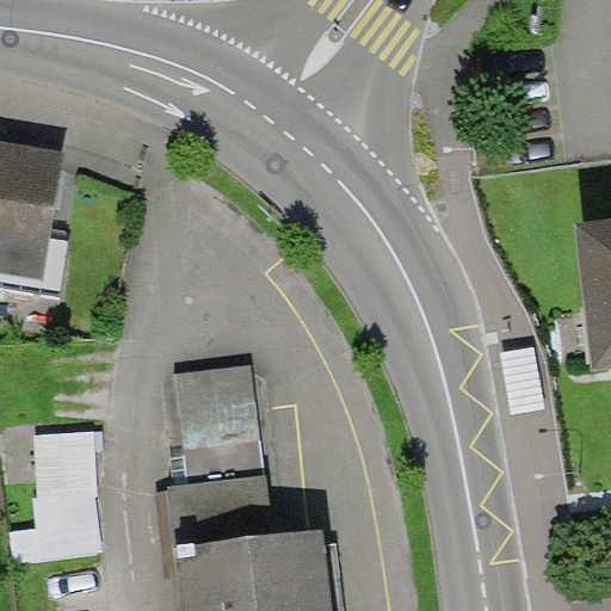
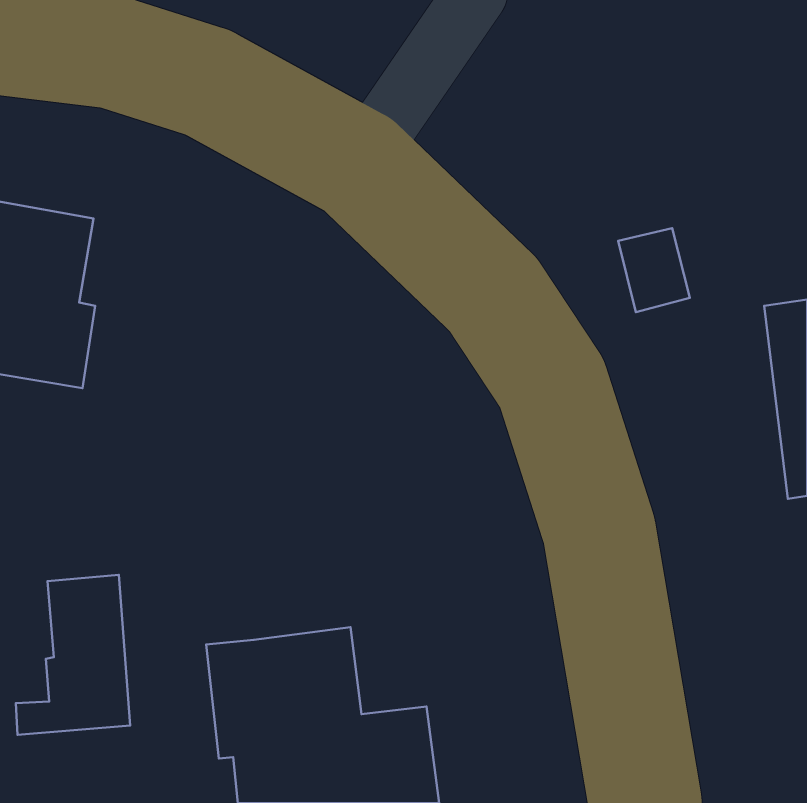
building: [177,366,264,482] -> none

